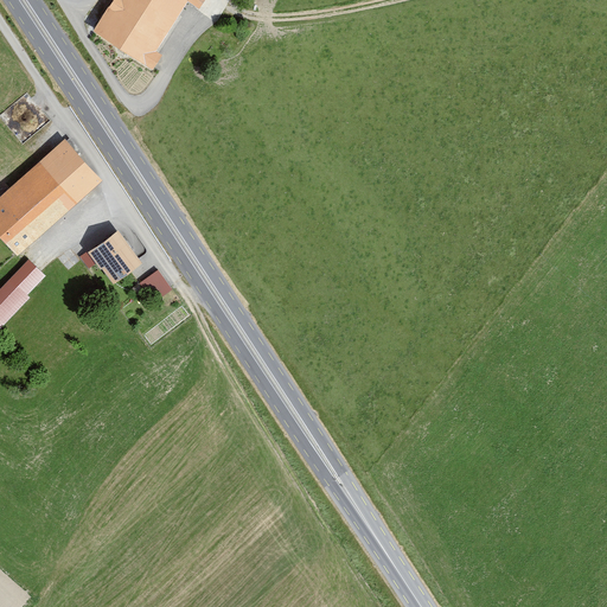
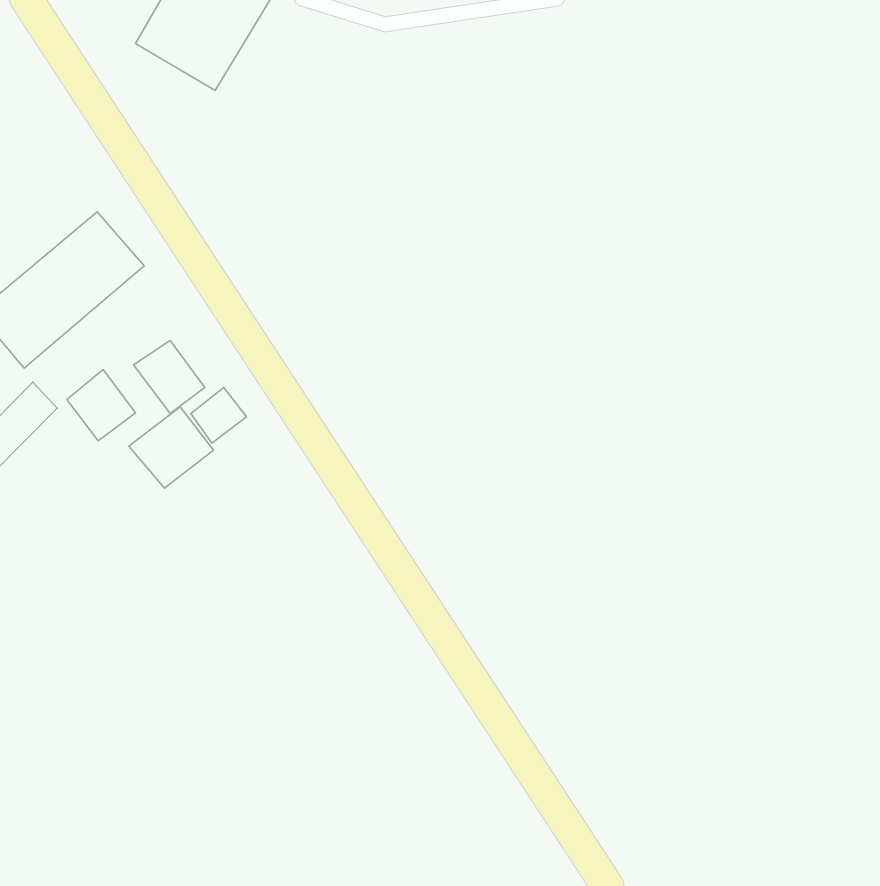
building: none -> [67,370,135,441]
building: none -> [129,407,213,488]

